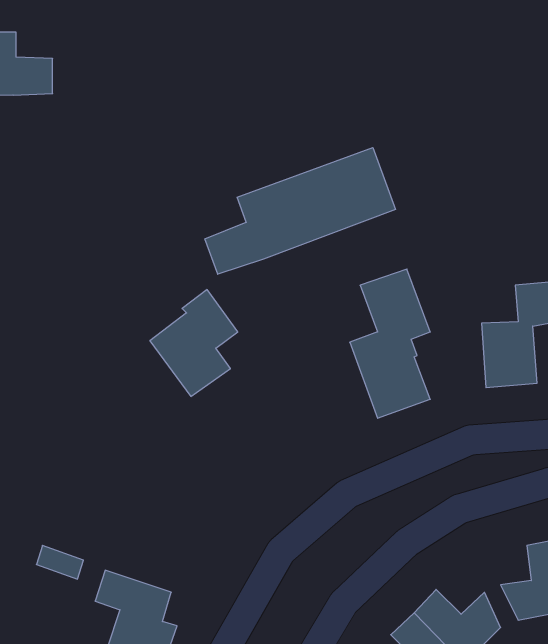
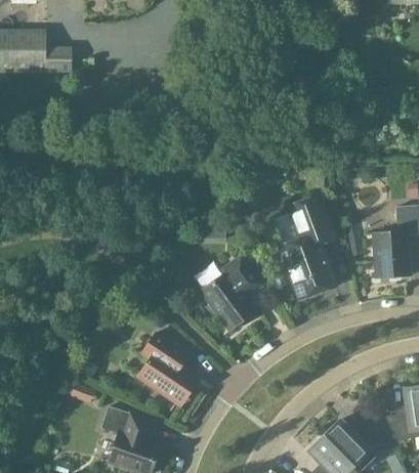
building: [205,148,395,274] -> none
building: [150,290,238,396] -> [200,255,261,330]
building: none -> [137,332,194,401]

